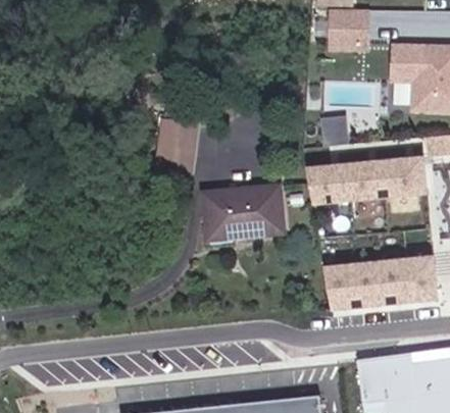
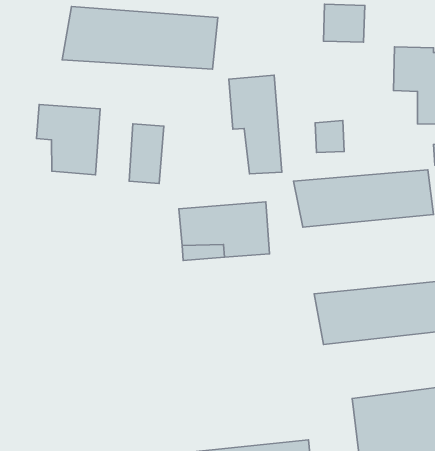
building: none -> [62,7,218,69]
building: none -> [229,75,282,174]
building: none -> [37,105,100,175]

